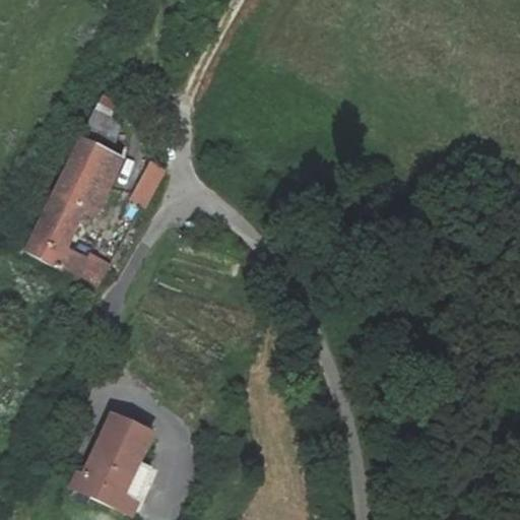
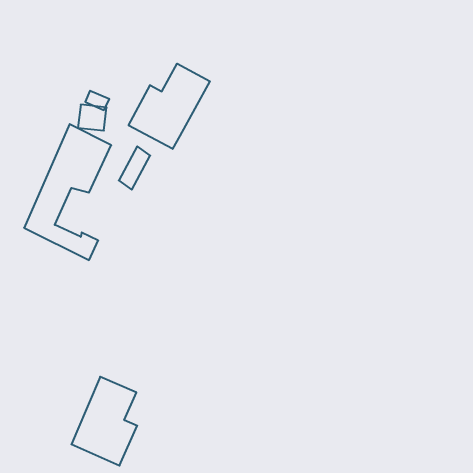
building: none -> [129,64,210,149]

